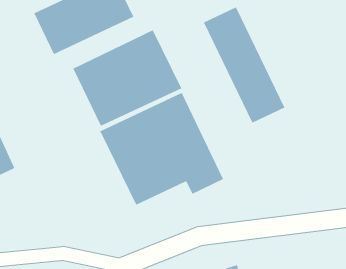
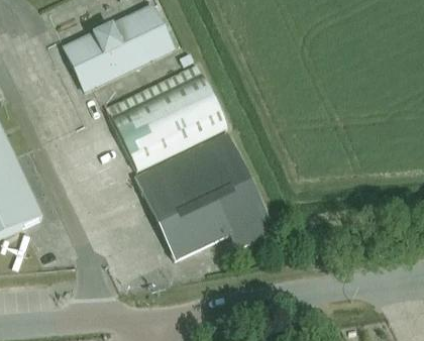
building: [203,6,285,124] -> none

